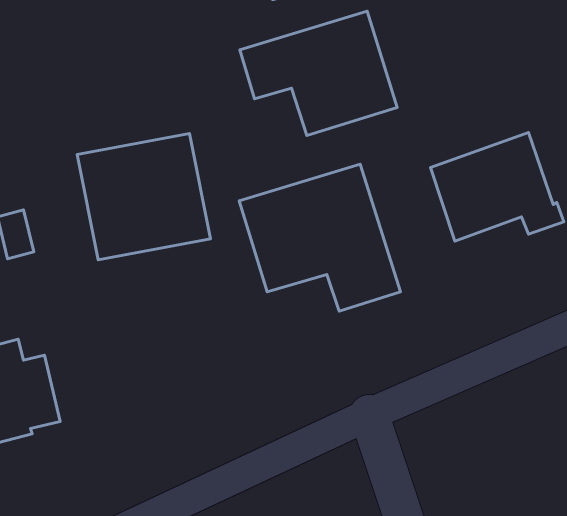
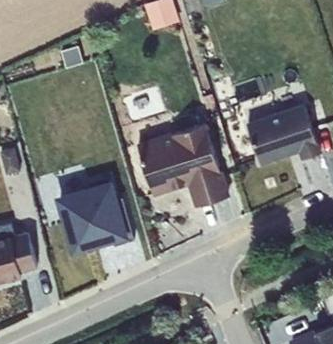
building: [240,11,397,135] -> none
building: [77,134,211,260] -> [60,181,136,253]

